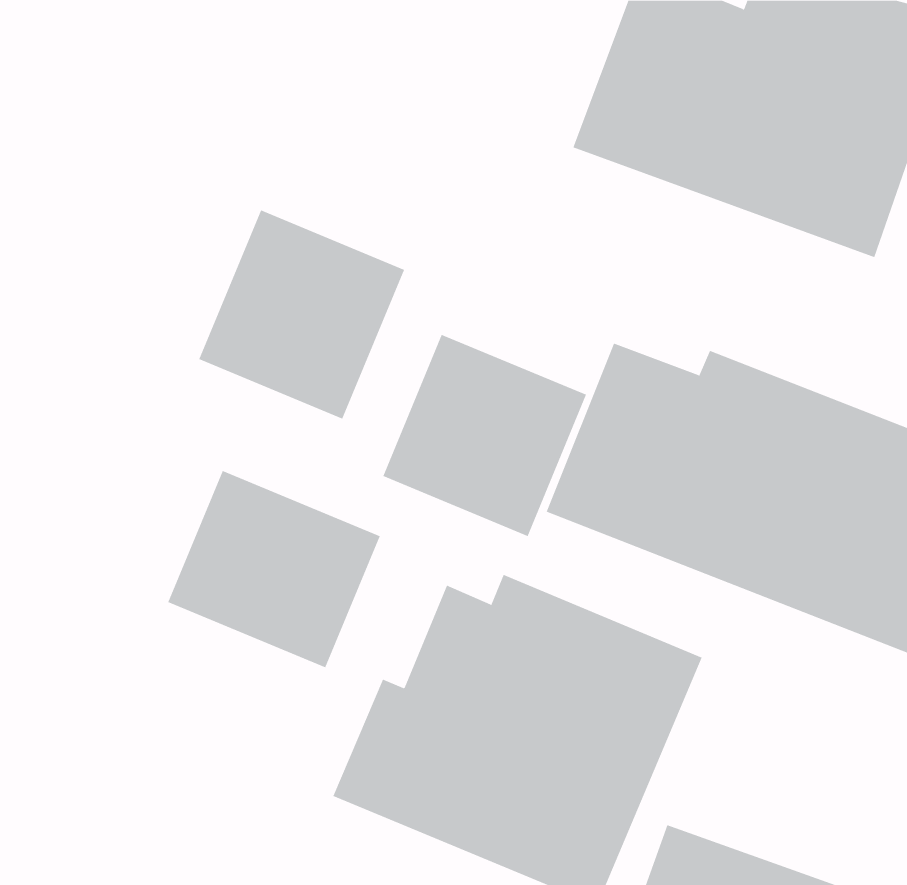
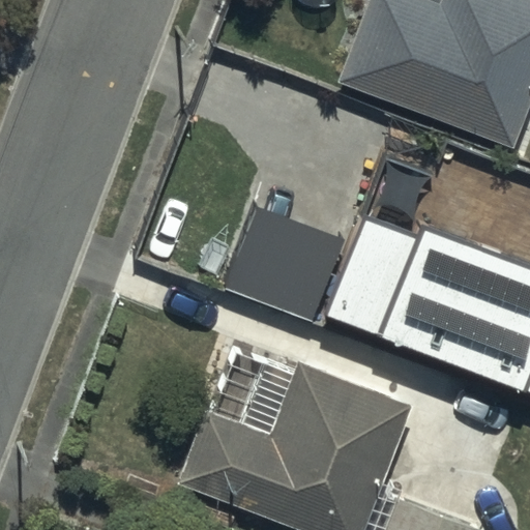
building: [199,209,405,419] -> none
building: [168,470,381,668] -> none

